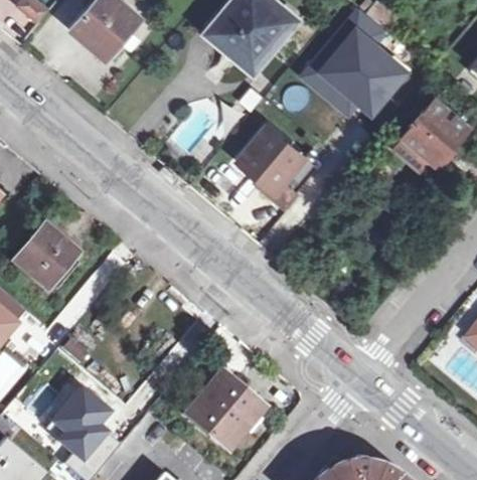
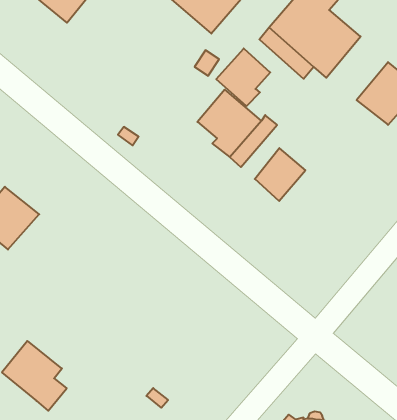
building: none -> [216,48,270,106]
building: [385,131,437,174] -> none
building: none -> [255,148,305,201]
building: [186,372,264,448] -> none

